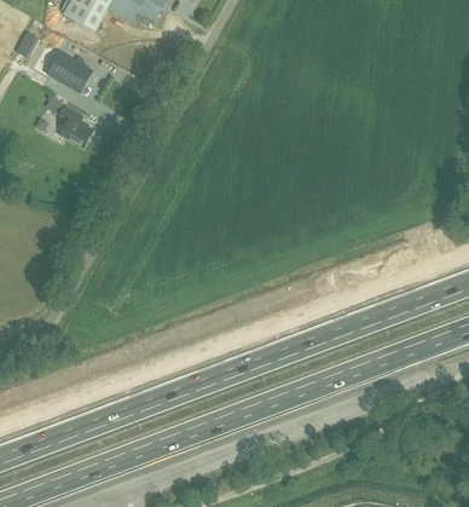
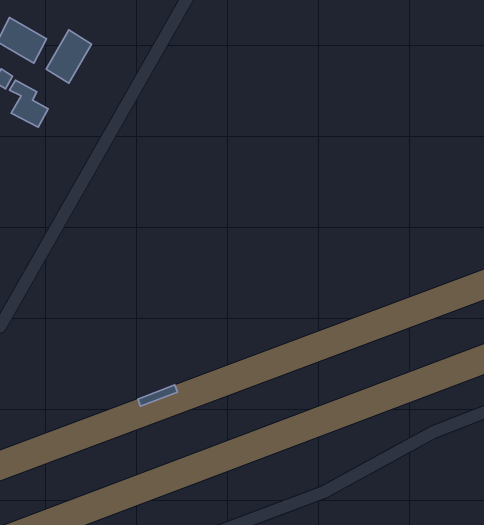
building: none -> [46,30,91,83]

